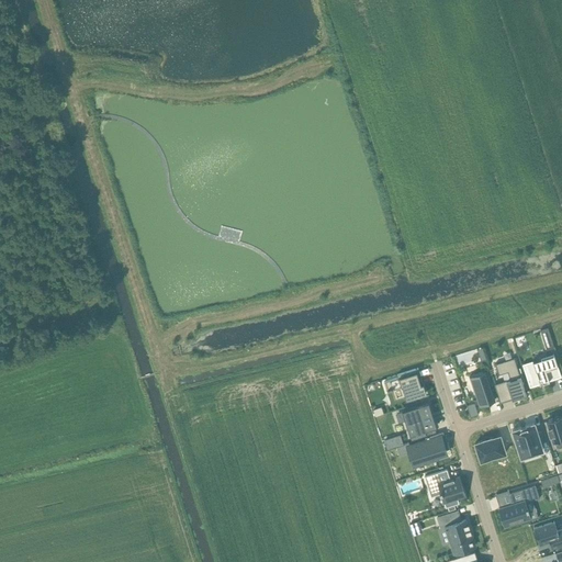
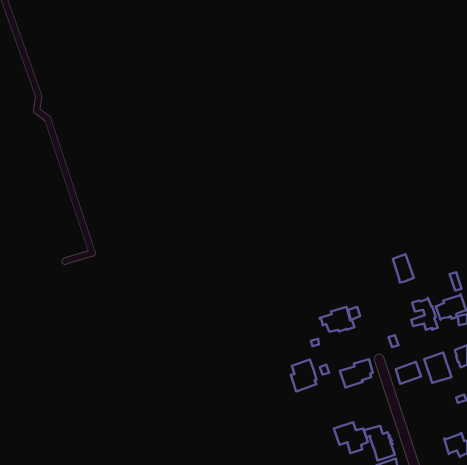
building: [470,373,495,407] -> [393,254,414,283]
building: [405,404,436,442] -> [291,359,316,391]
building: [425,471,465,508] -> [334,422,368,453]
building: [501,486,540,528] -> none

